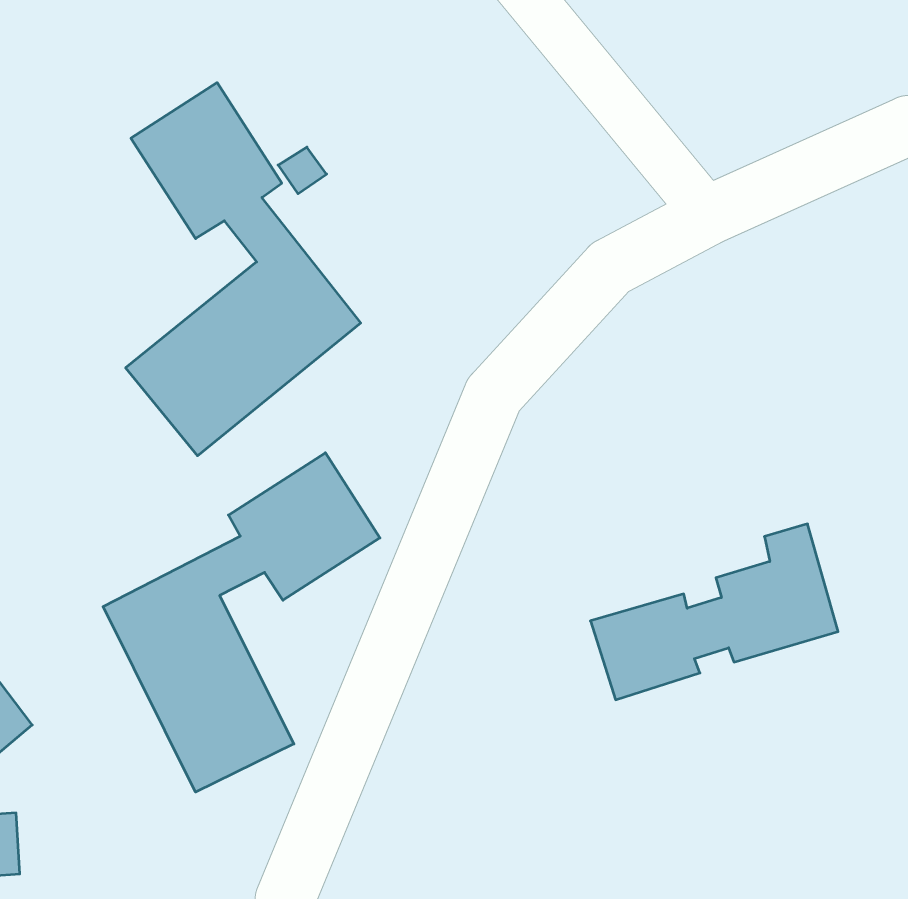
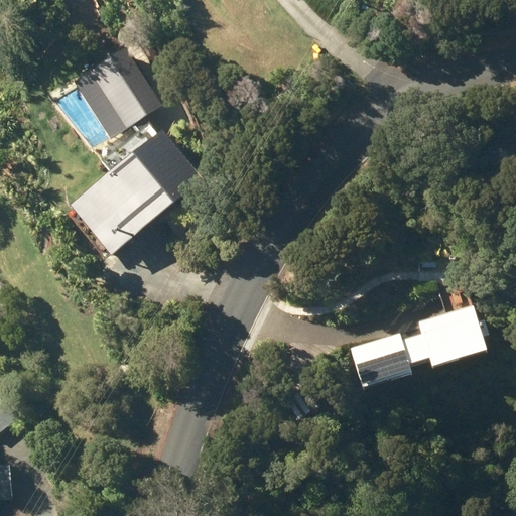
building: [103,453,380,792] -> none

